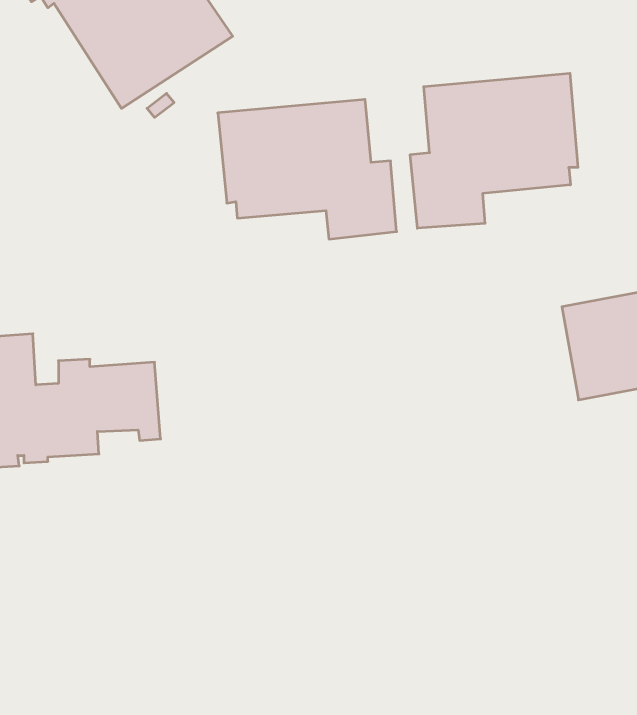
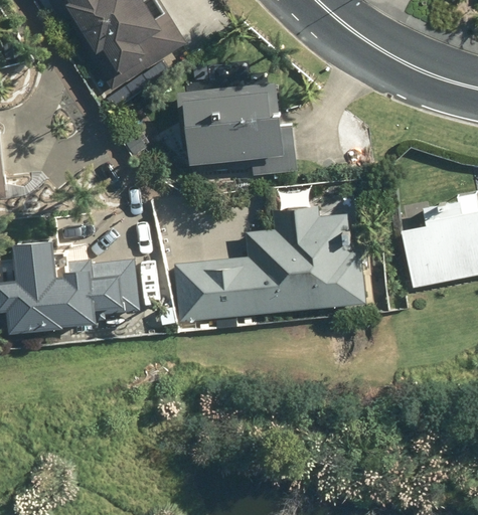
building: [410,73,578,228] -> none
building: none -> [176,207,365,330]

